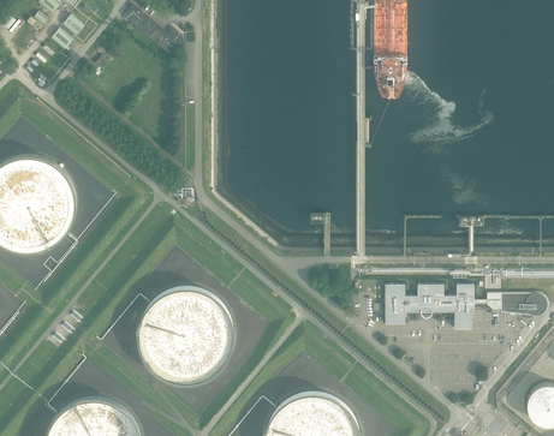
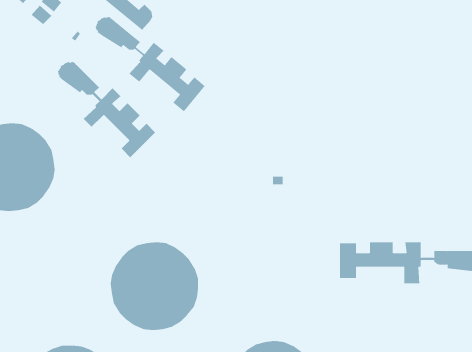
building: none -> [95,16,206,112]
building: none -> [57,61,156,158]

